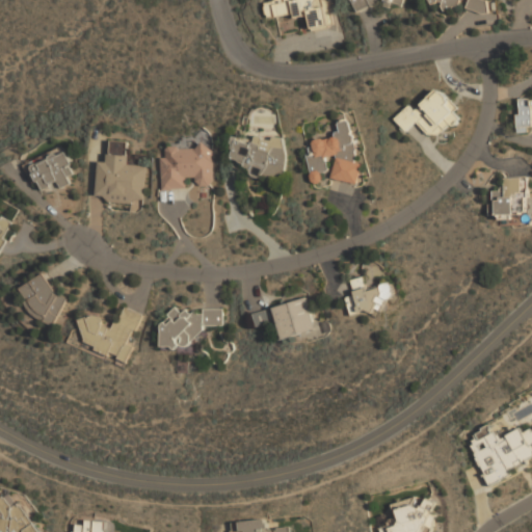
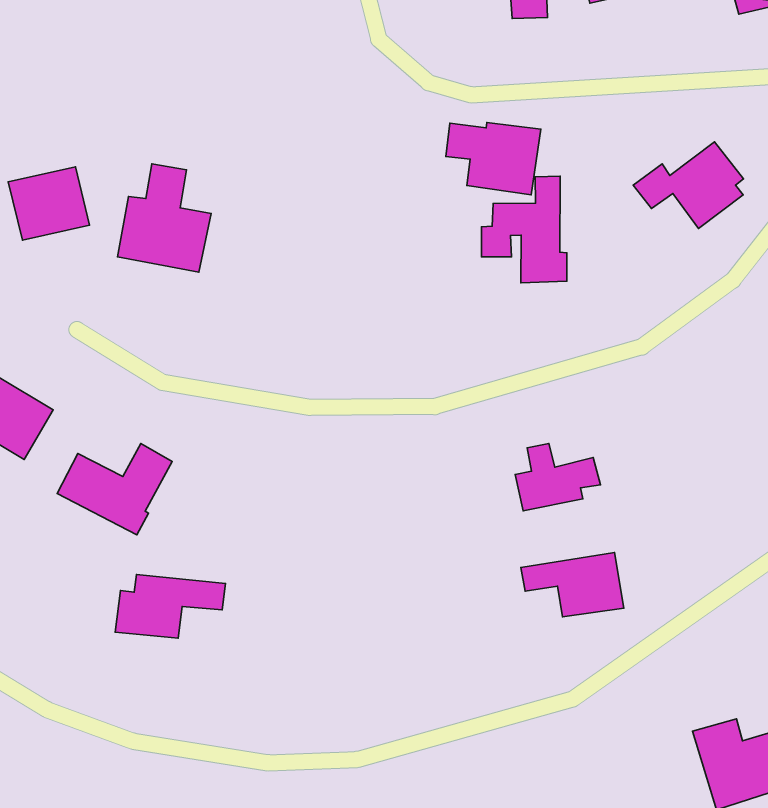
building: [230,138,284,178] -> [446,122,541,195]
building: [159,148,211,190] -> none
building: [250,298,314,340] -> [521,552,624,617]
building: [160,311,221,347] -> [115,575,225,638]

